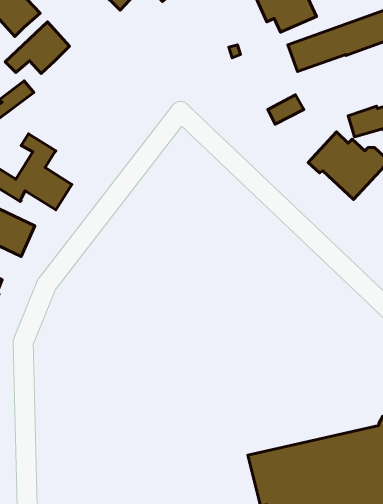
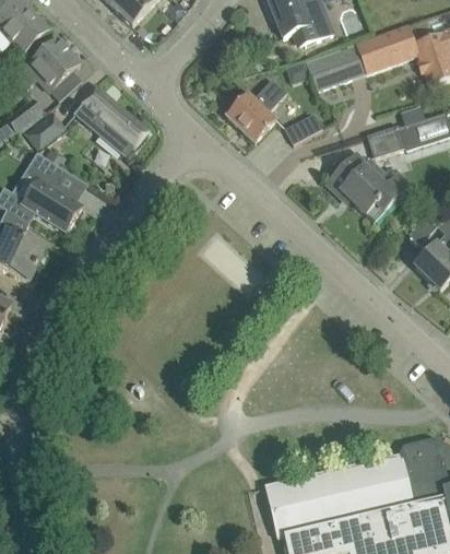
building: none -> [226,80,286,143]
building: none -> [74,85,149,155]
building: none -> [23,110,66,151]

